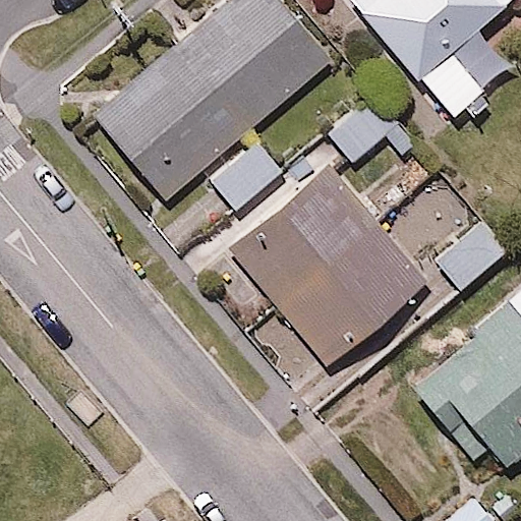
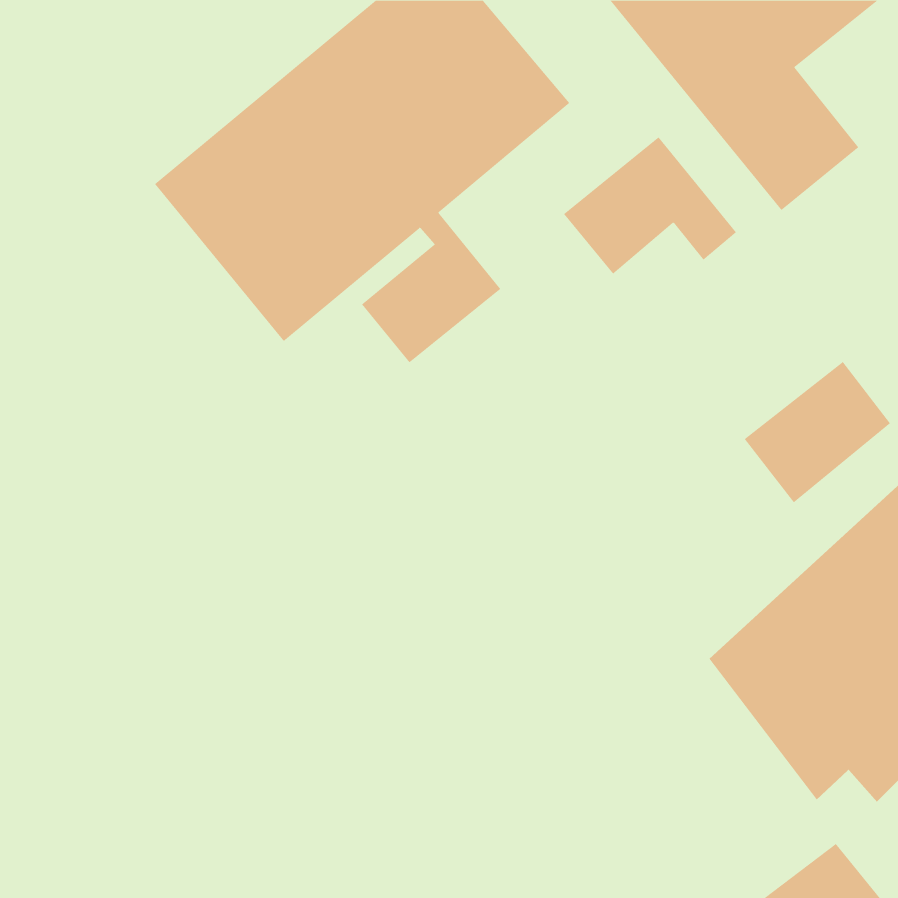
building: [234,168,427,364] -> none

